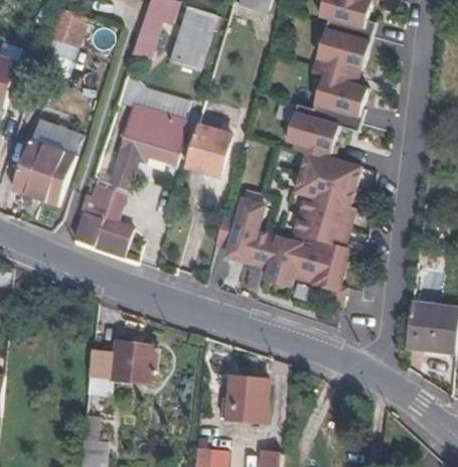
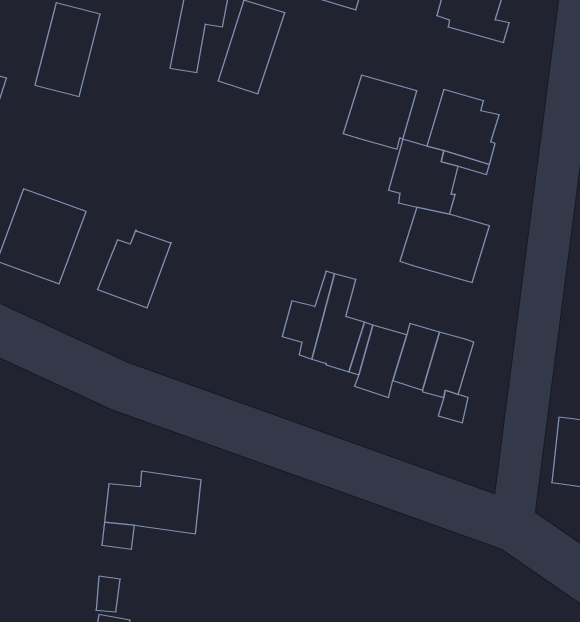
building: [319,24,371,76] -> [343,75,417,149]
building: [112,104,189,177] -> none
building: [31,118,83,155] -> none
building: [185,124,233,176] -> none
building: [296,193,355,246] -> none
building: [73,210,134,257] -> none
building: [218,374,269,423] -> none

